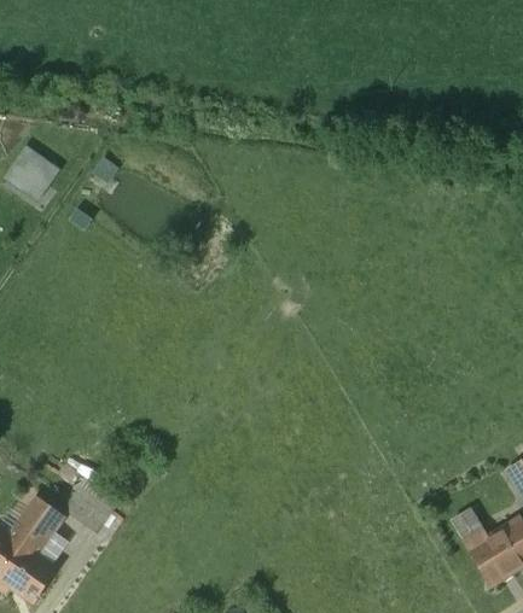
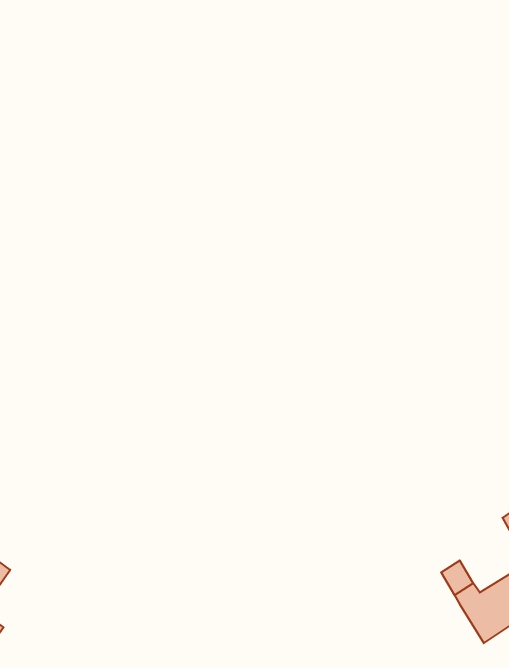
building: [63,486,112,532] -> none

